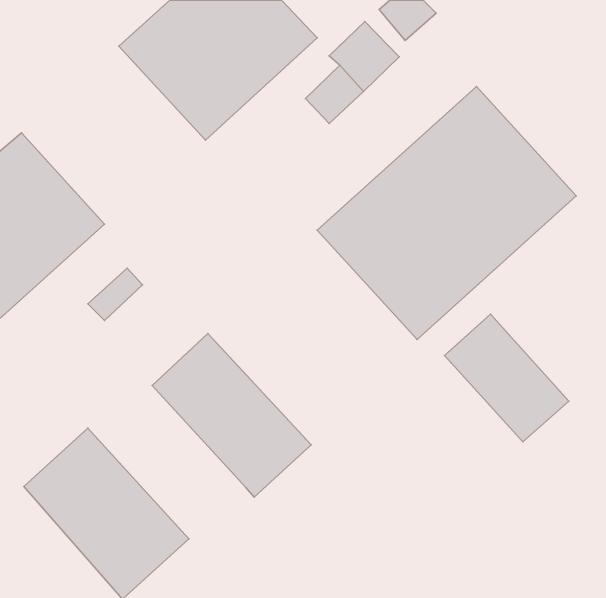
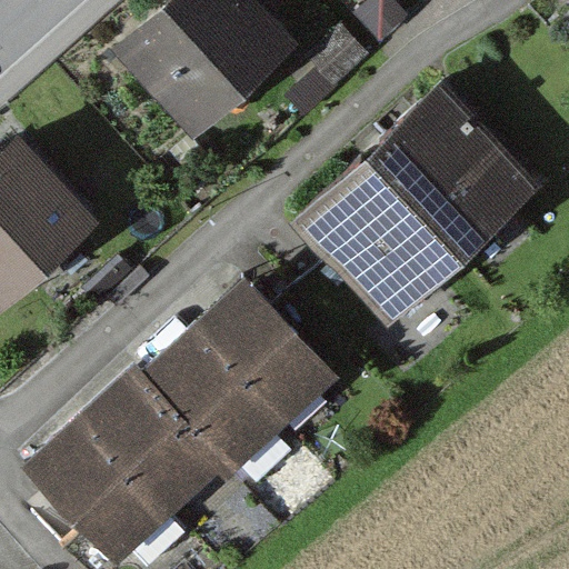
building: none -> [194,274,341,425]
building: [445,314,569,442] -> none
building: none -> [82,361,230,512]

